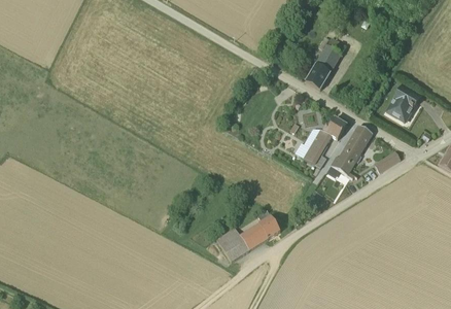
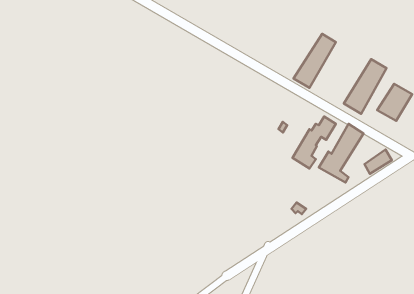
building: none -> [344,59,386,114]
building: [217,209,280,261] -> none

